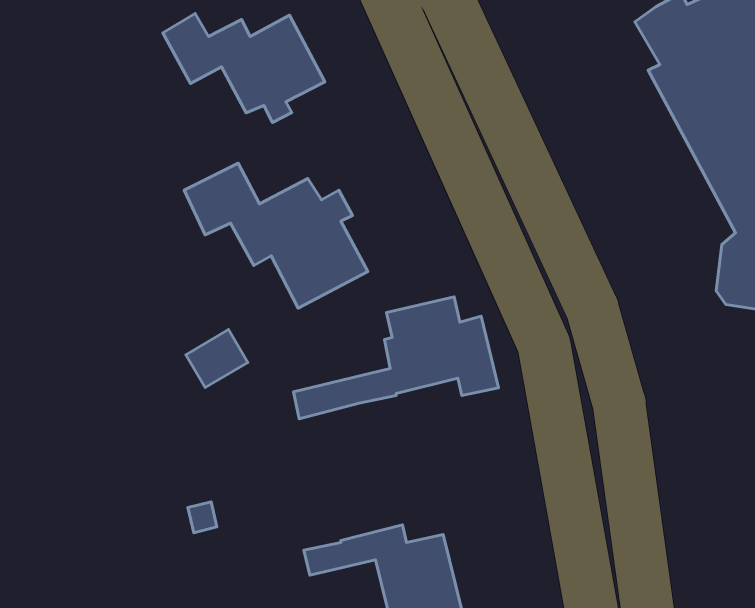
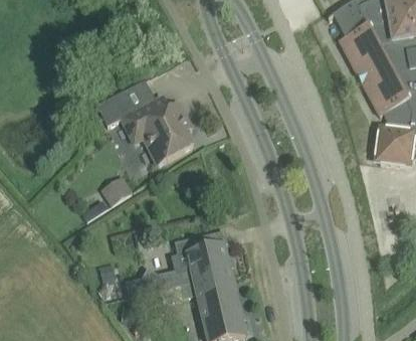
building: [163,14,325,123] -> none
building: [293,297,499,419] -> [127,232,233,296]

